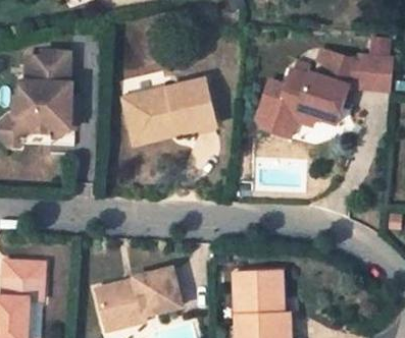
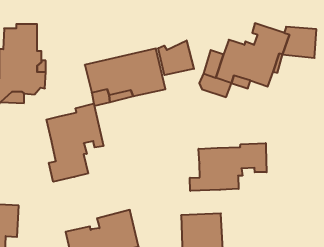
building: none -> [158,40,194,75]
building: none -> [46,104,103,182]
building: none -> [190,143,267,191]

